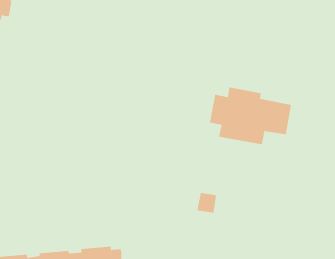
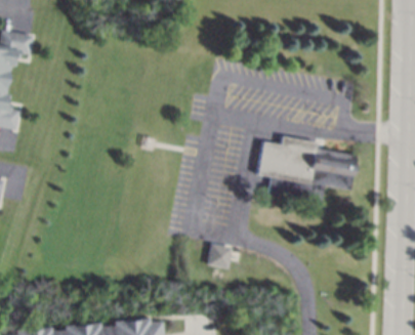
building: [197,193,217,213] -> [207,244,231,267]

